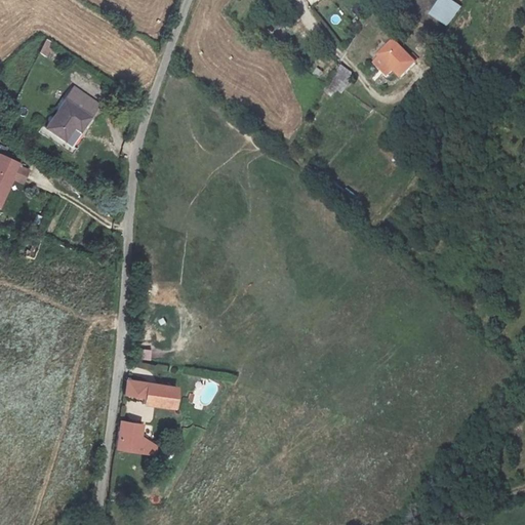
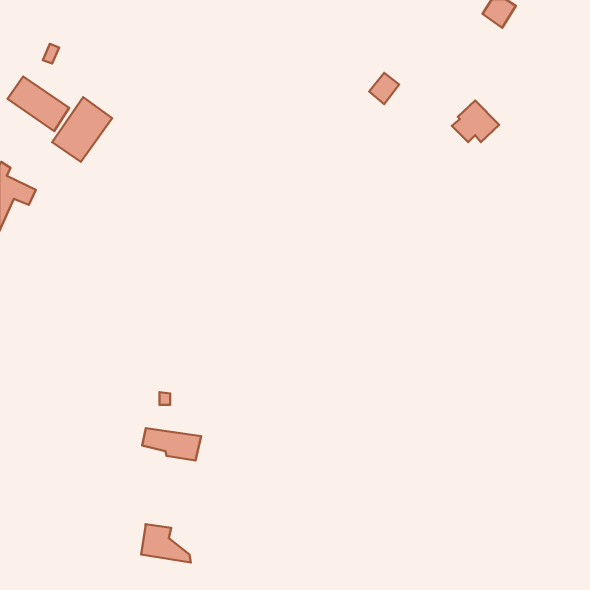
building: [371,38,413,75] -> [452,100,499,142]
building: none -> [7,77,69,131]
building: [117,422,161,456] -> [141,524,191,563]

